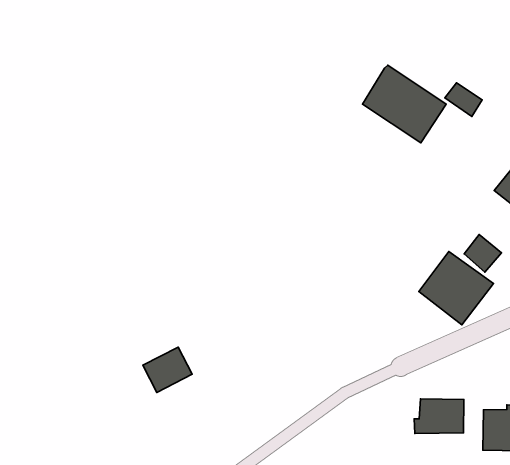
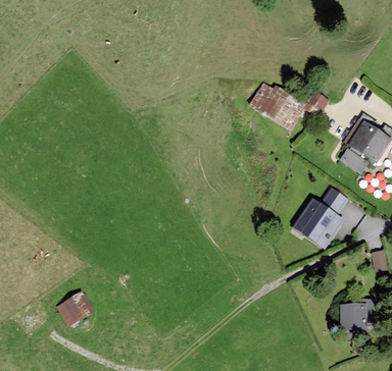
building: [143,347,192,392] -> [58,290,91,321]
building: [414,399,464,434] -> none

